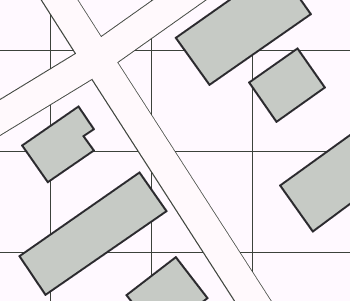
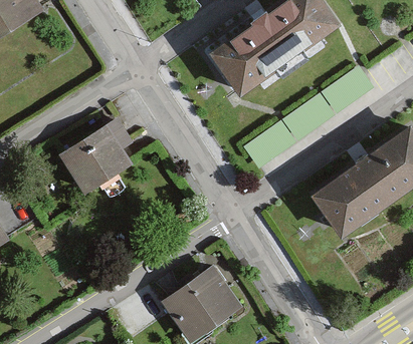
building: [249,48,325,122] -> none
building: [19,172,167,295] -> none

